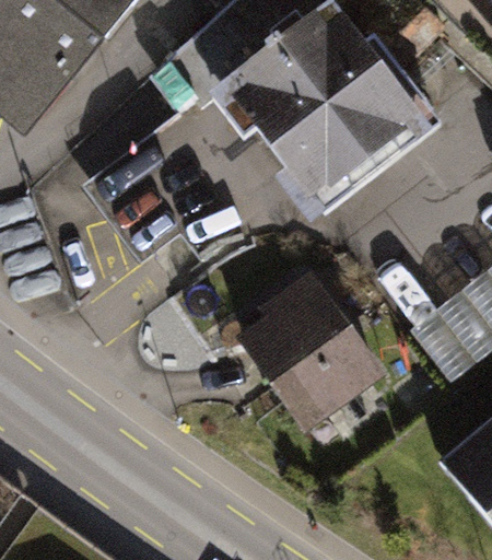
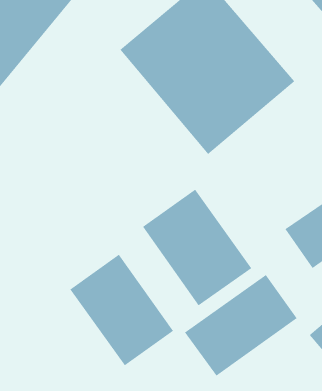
building: none -> [70,254,174,366]
building: none -> [184,274,297,376]

